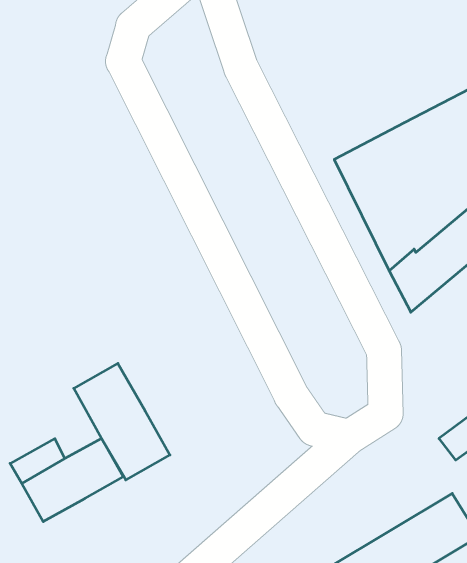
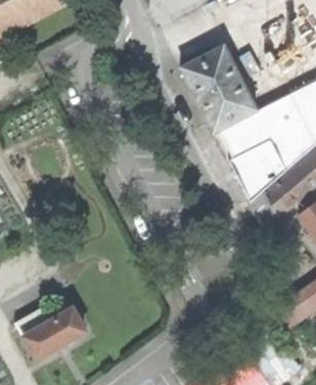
building: none -> [180,41,258,133]
building: [74,363,170,480] -> none

